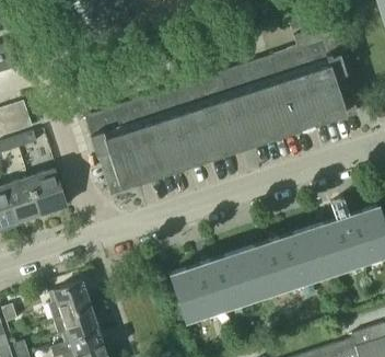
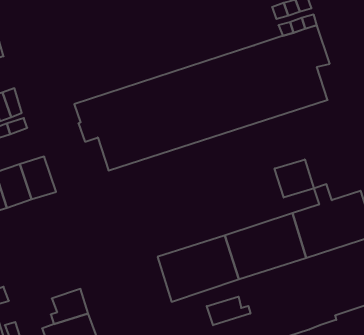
building: none -> [275,159,314,198]
building: [47,283,90,318] -> none
building: none -> [207,297,250,325]

